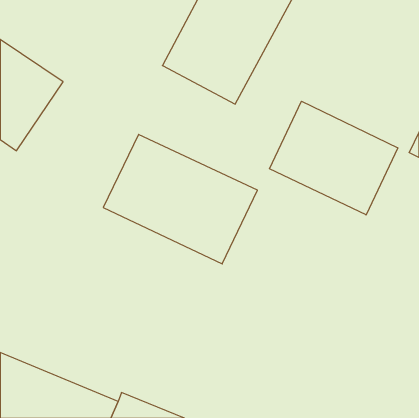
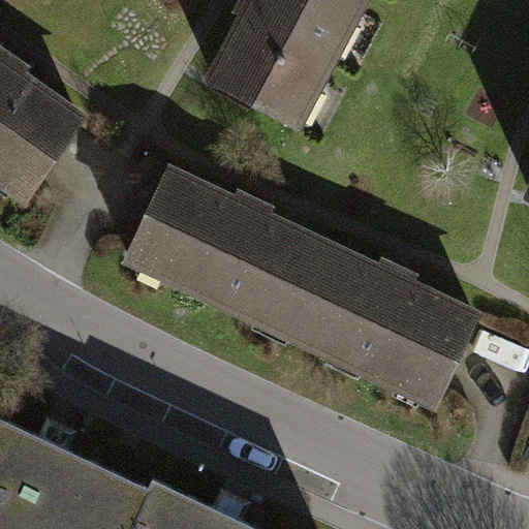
building: [269,101,398,215] -> none
building: none -> [280,240,475,404]

